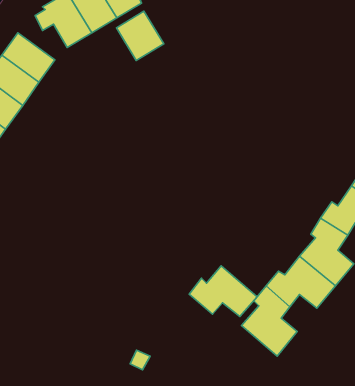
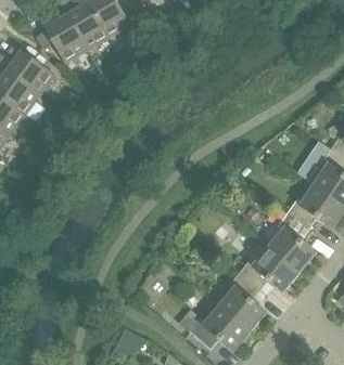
building: [116,11,164,61] -> none
building: [189,266,257,317] -> [188,305,247,350]

